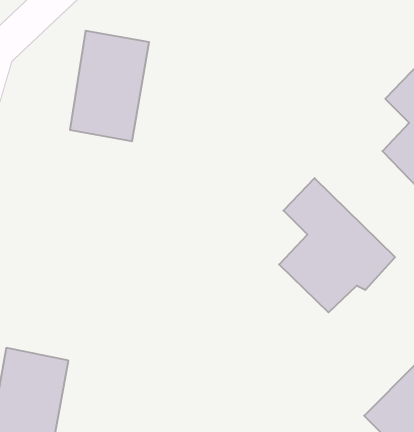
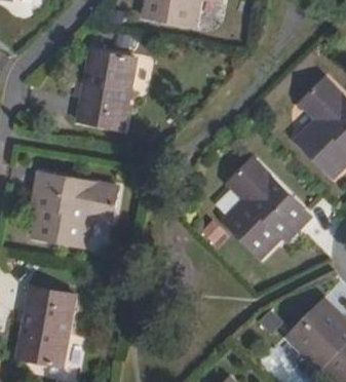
building: none -> [34,173,118,246]

